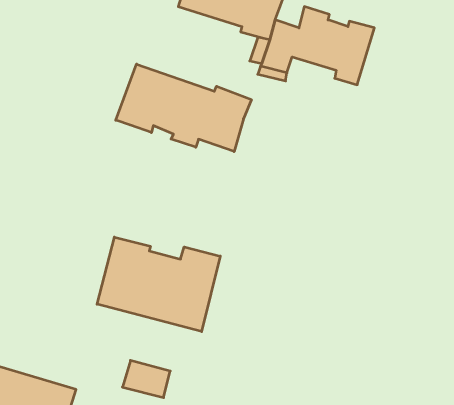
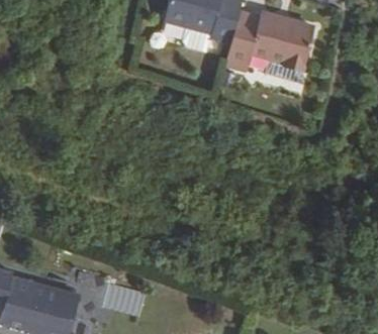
building: [116,64,251,152] -> none
building: [97,237,220,332] -> none

